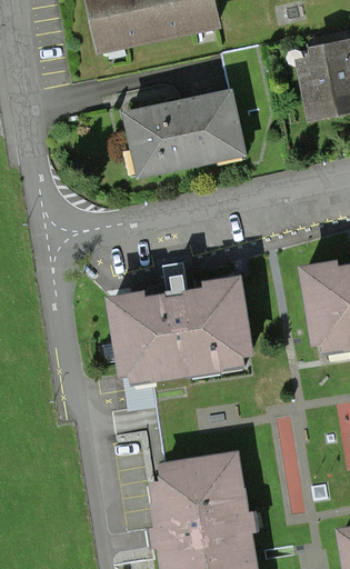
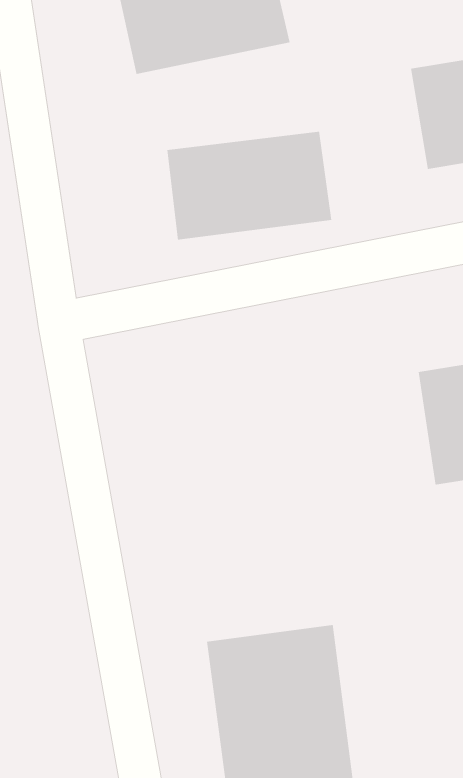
building: [106,277,253,387] -> none

